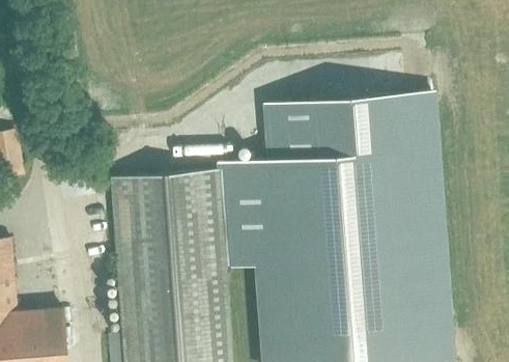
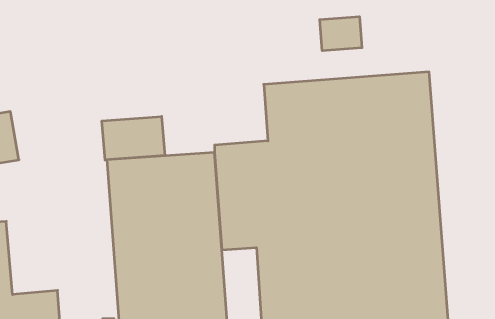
building: none -> [320,17,362,51]
building: none -> [102,116,165,160]

